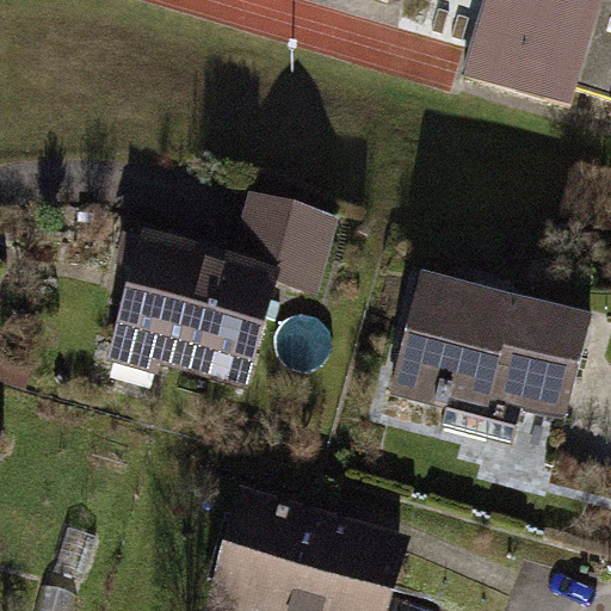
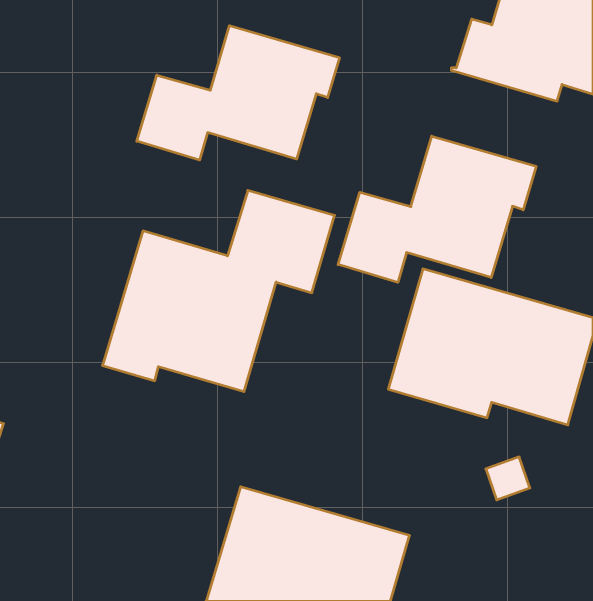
building: none -> [137,26,339,160]
building: none -> [338,136,536,282]

